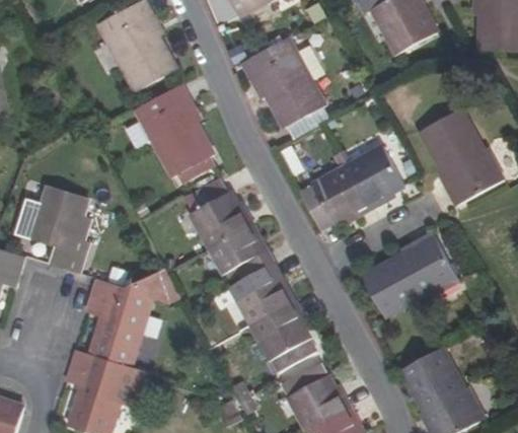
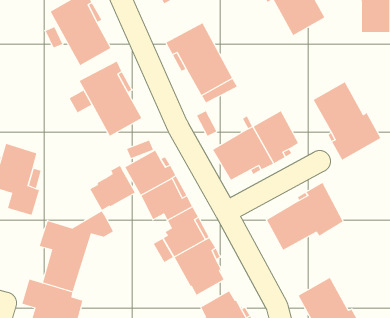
building: none -> [90,165,136,211]

